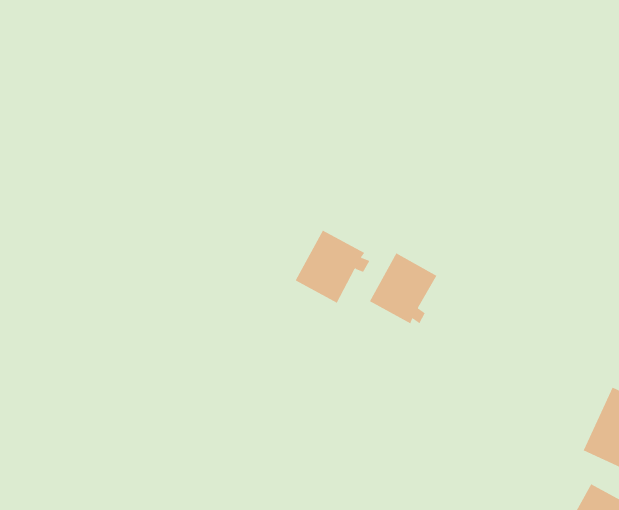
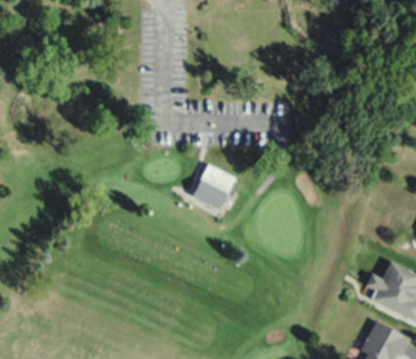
building: [369,253,437,324] -> none

